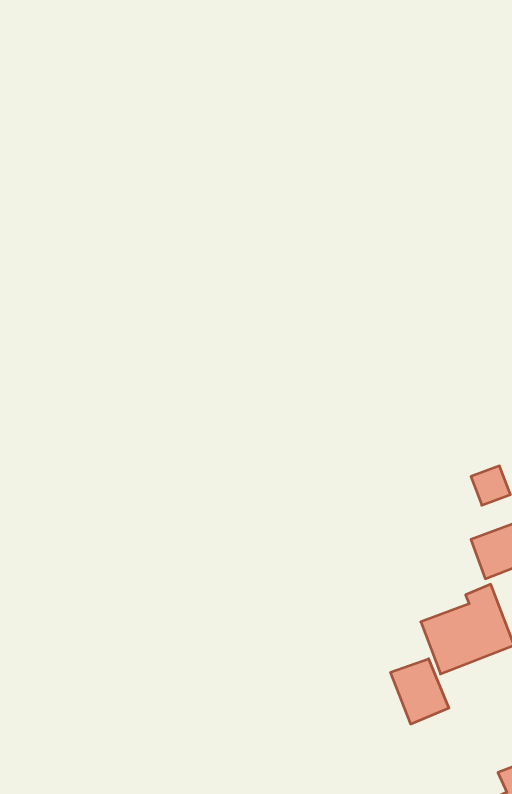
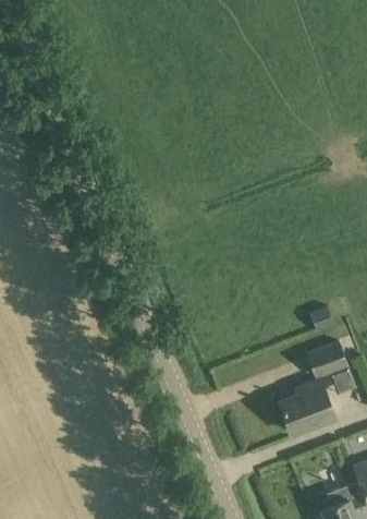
building: [391,659,449,724] -> none

